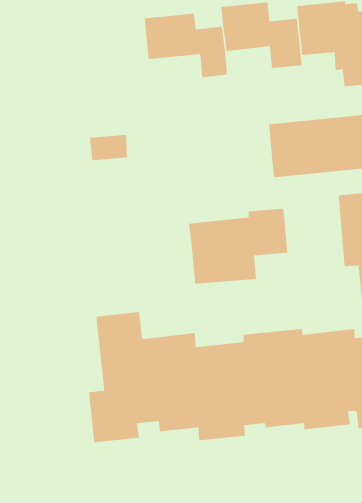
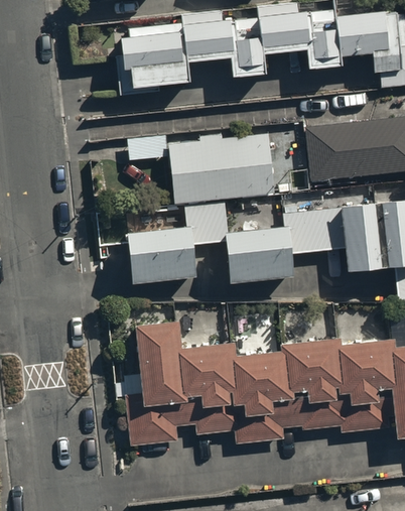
building: none -> [114,22,188,97]
building: none -> [167,133,273,204]
building: none -> [321,199,381,273]
building: none -> [132,205,228,285]

